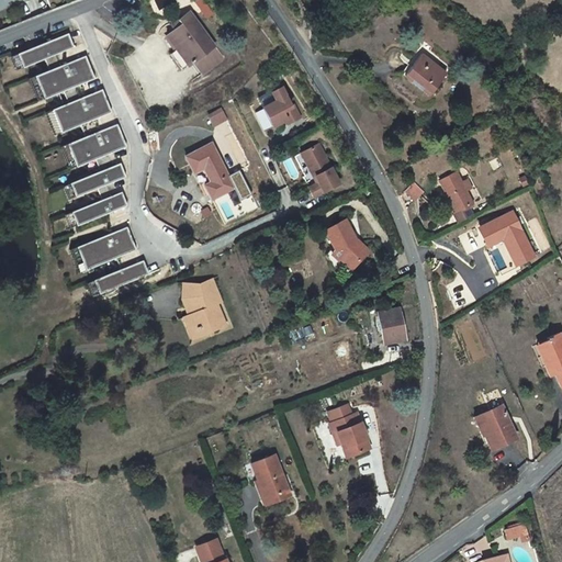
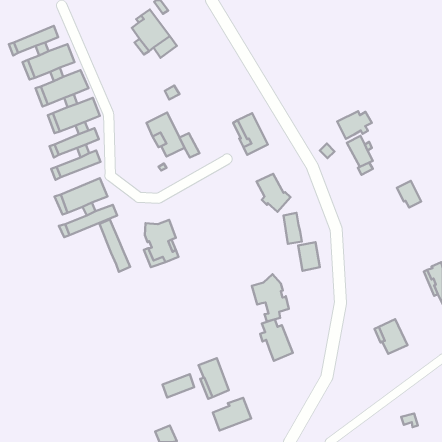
building: [406,54,448,95] -> none
building: [260,87,302,126] -> none
building: none -> [337,111,372,139]
building: [480,212,521,246] -> none
building: none -> [284,213,302,244]
building: none -> [99,220,130,272]
building: none -> [252,274,289,321]
building: none -> [163,374,194,398]
building: none -> [213,398,251,431]

